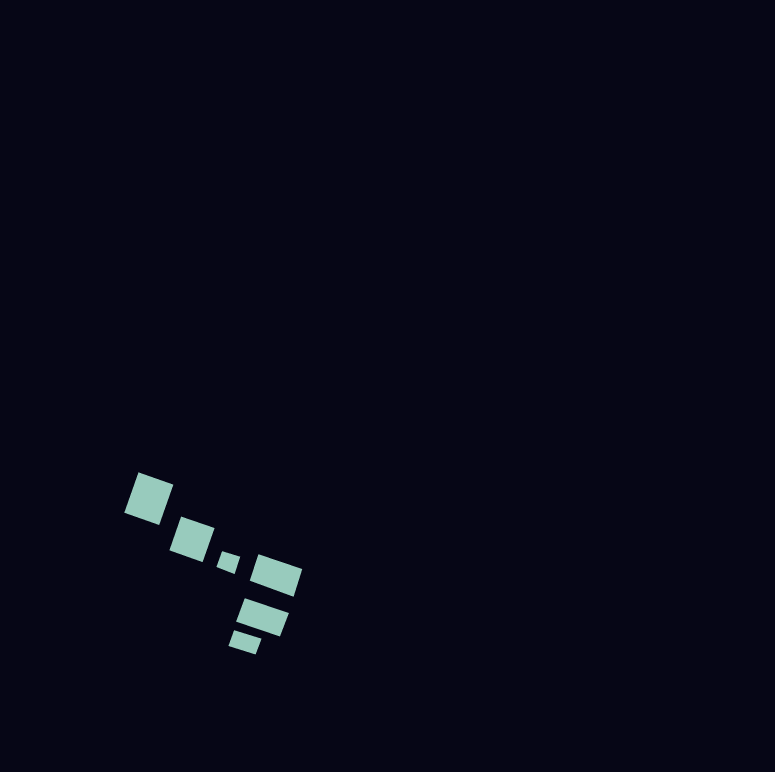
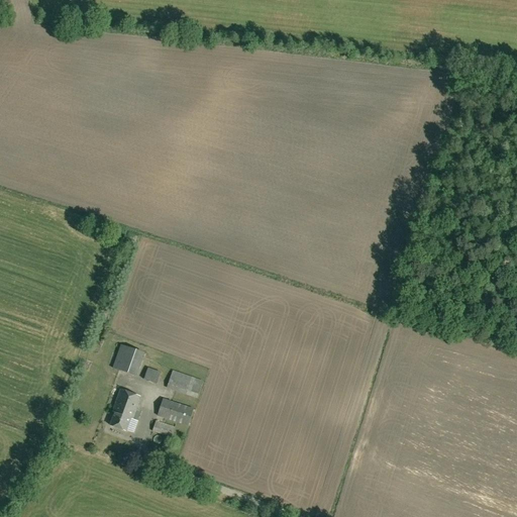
building: [124,472,174,526] -> none
building: none -> [109,389,139,429]

